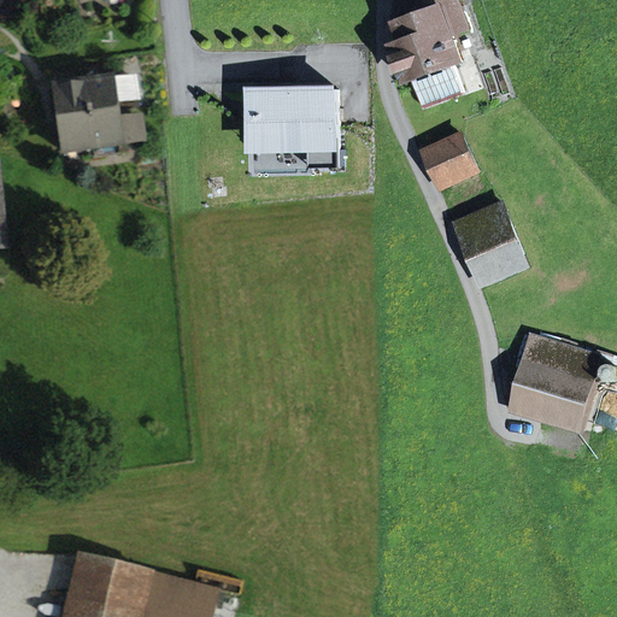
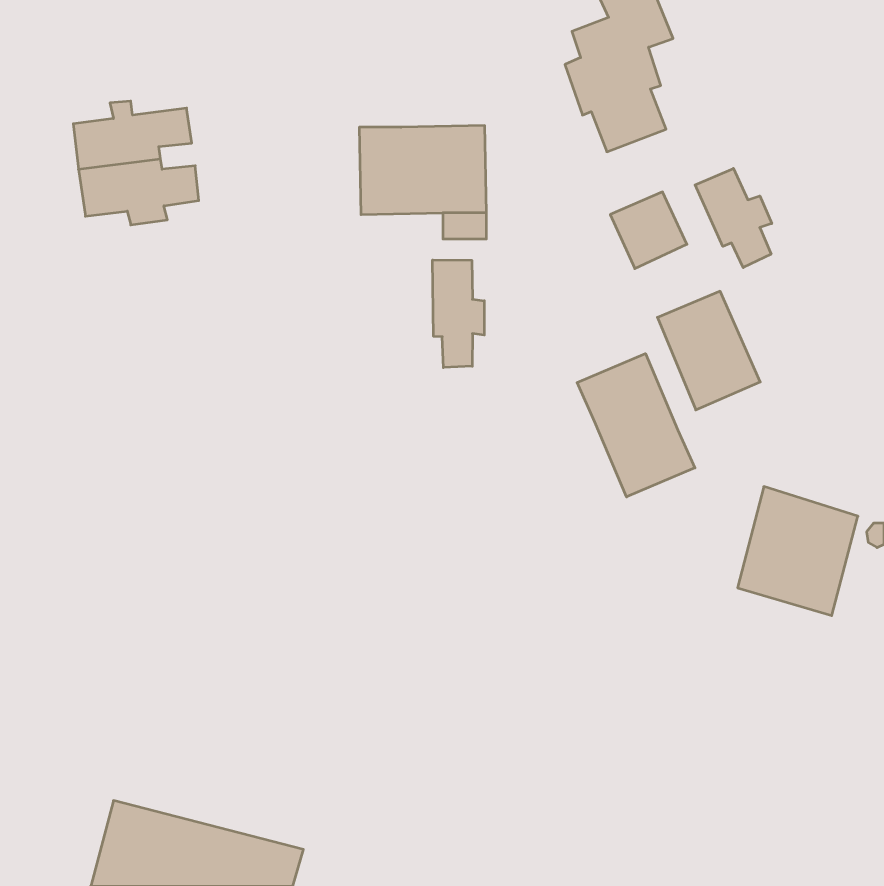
building: none -> [695,168,772,268]
building: none -> [433,260,484,368]
building: none -> [577,354,695,497]

